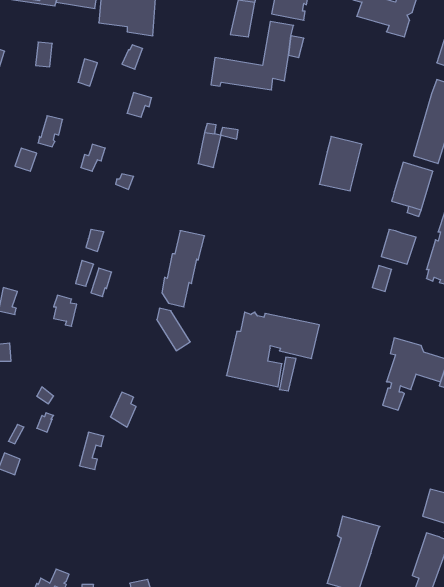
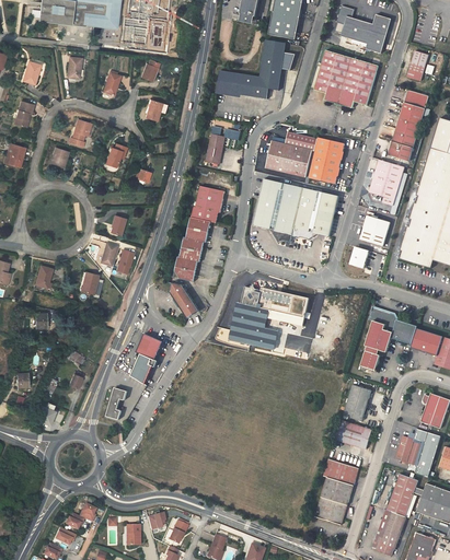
building: none -> [313,50,378,108]
building: none -> [265,132,318,177]
building: none -> [252,179,338,243]
building: none -> [191,186,224,223]
building: none -> [136,334,163,368]
building: none -> [343,385,370,421]
building: none -> [336,421,371,450]

